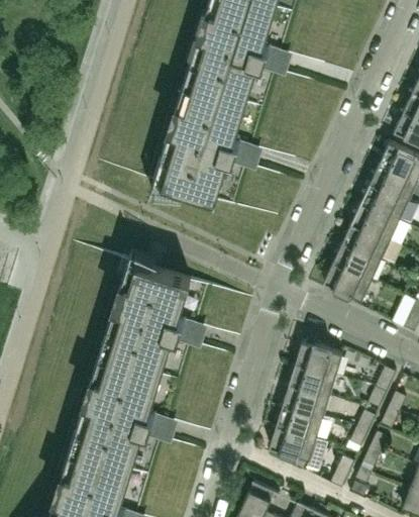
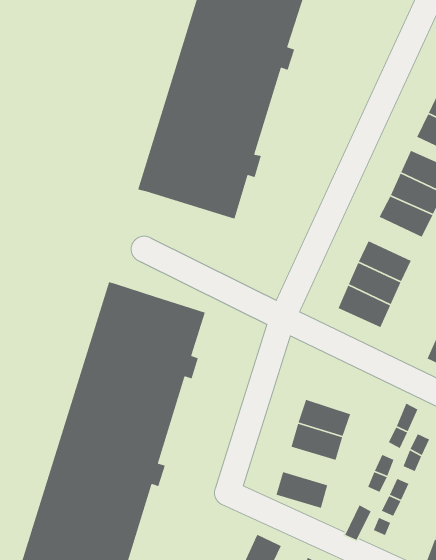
building: [351,202,399,240] -> none
building: [296,341,342,376] -> none
building: [276,405,323,438] -> none

